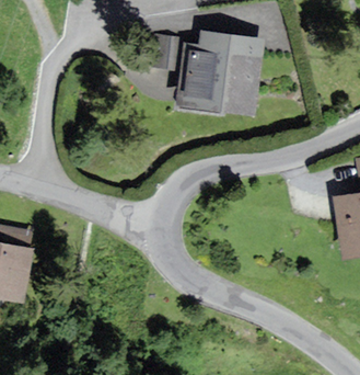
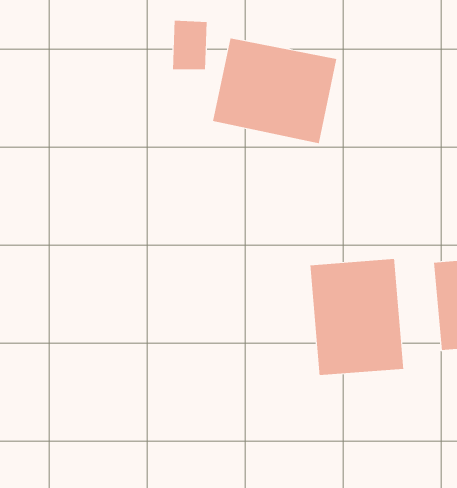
building: none -> [310,258,404,376]

